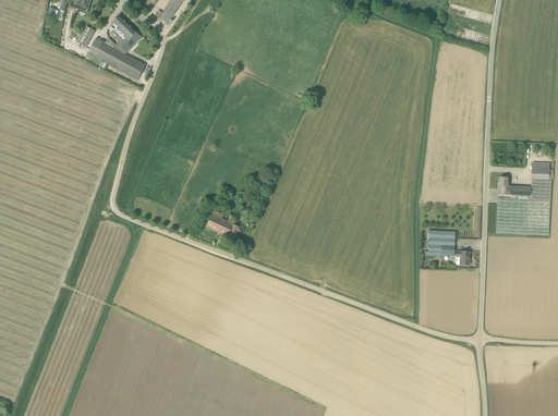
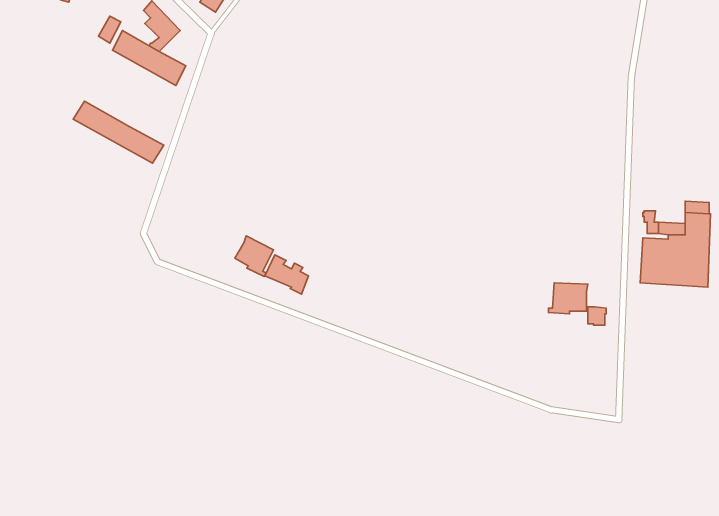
building: none -> [73,101,164,163]
building: none -> [235,236,273,276]

